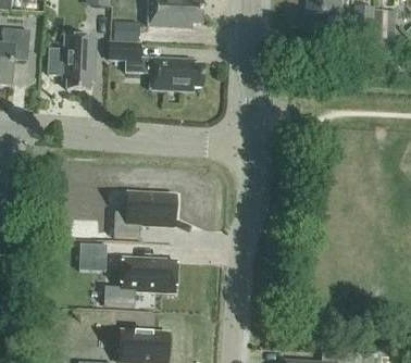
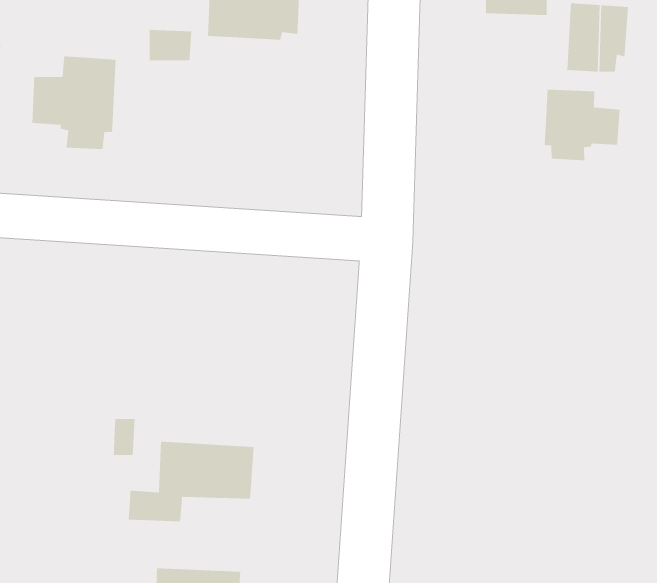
building: [109,41,203,91] -> none
building: none -> [544,89,620,161]
building: [113,192,175,237] -> none

